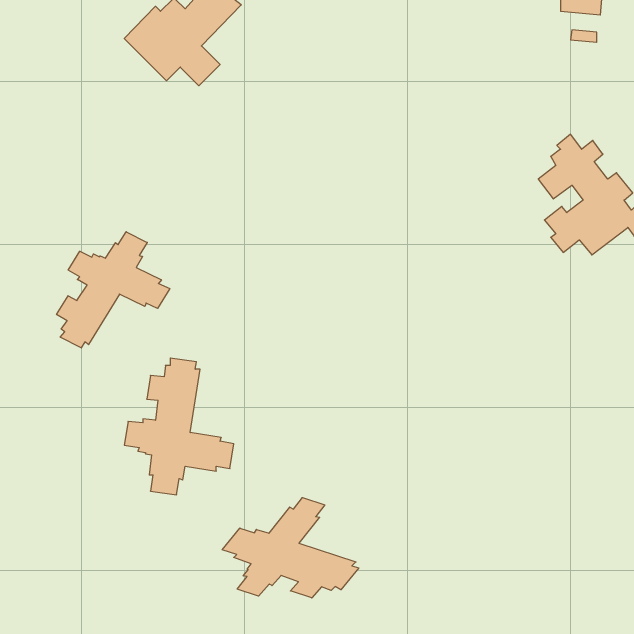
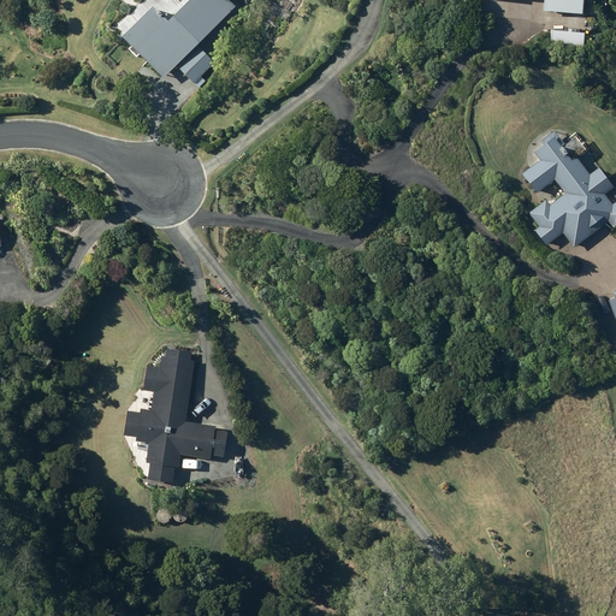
building: [57,232,170,348] -> none
building: [222,498,359,598] -> none

